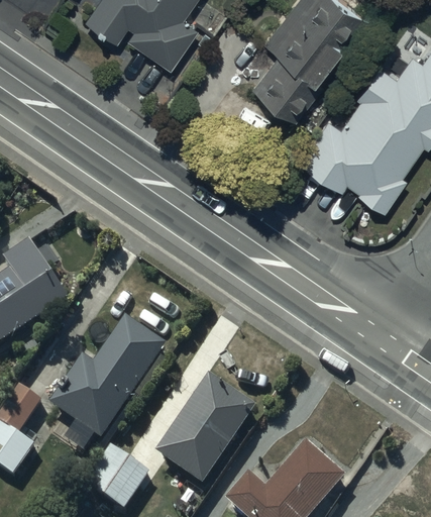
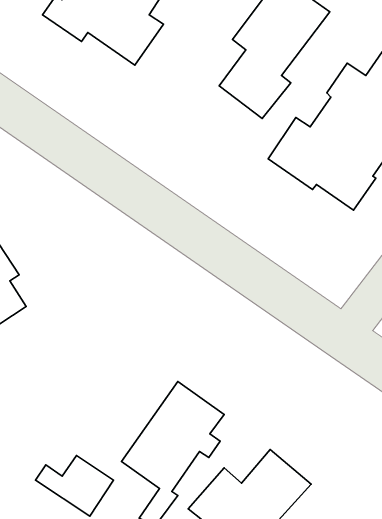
building: [48,316,166,450] -> none

